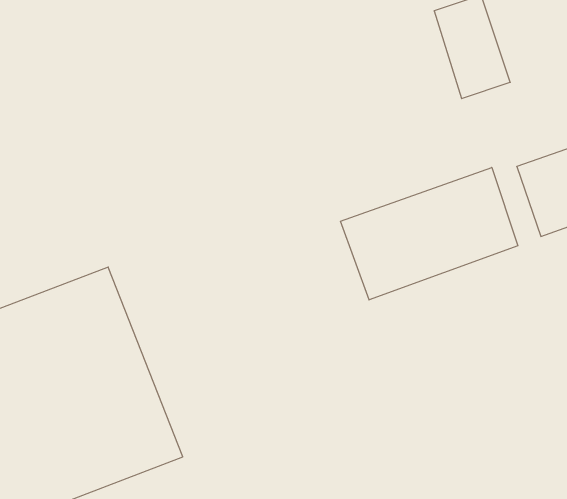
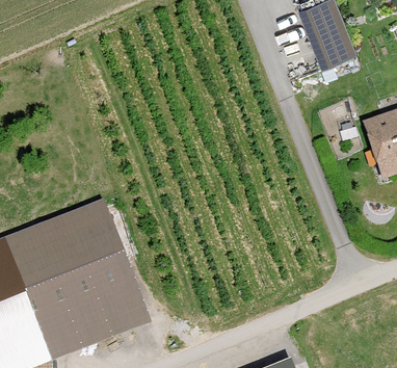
building: [341,167,518,300] -> none

